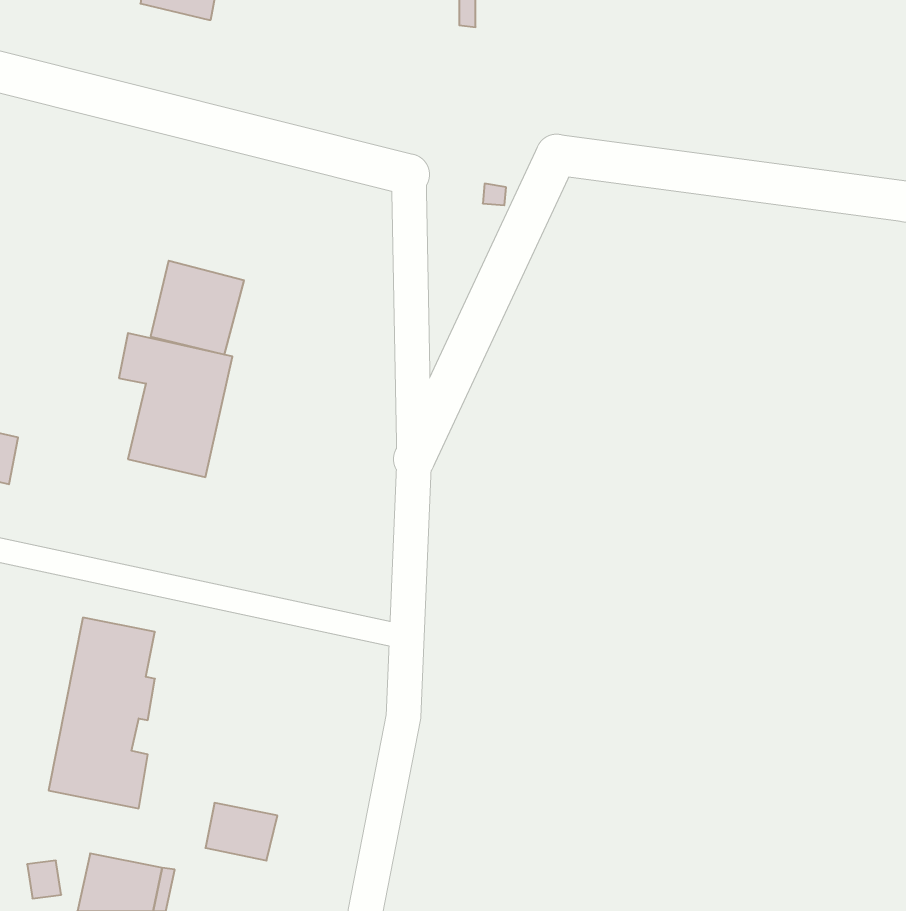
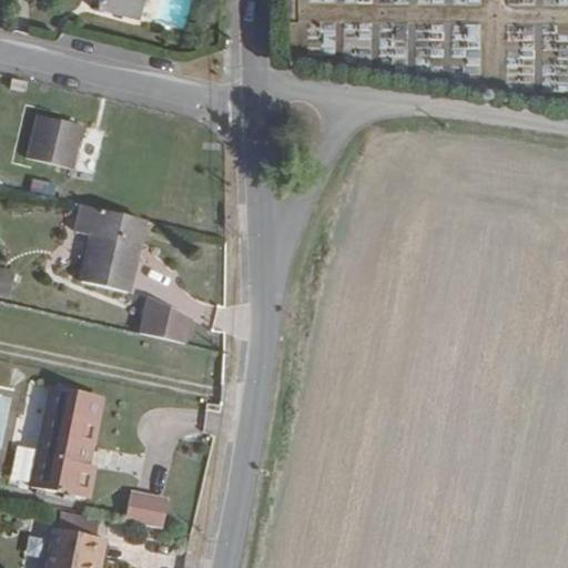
building: [151,261,244,354] -> [29,112,87,170]
building: none -> [141,293,191,339]

